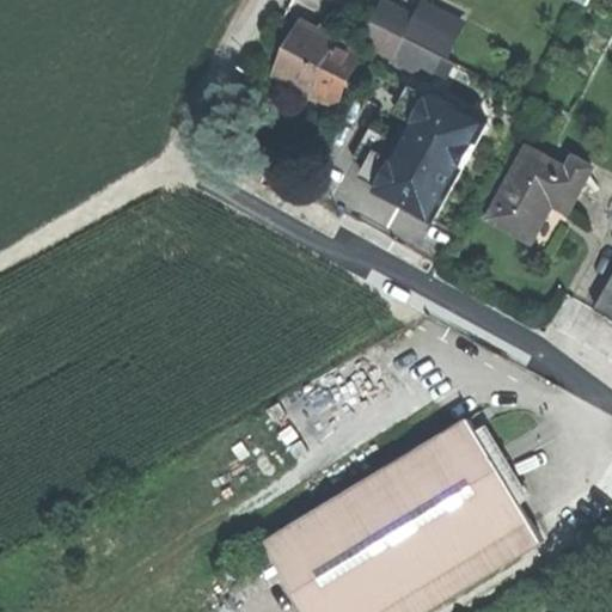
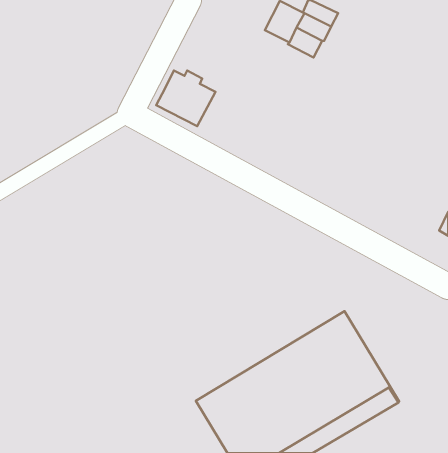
building: [275,26,355,102] -> [156,70,216,126]
building: [348,93,482,222] -> none
building: [485,149,588,241] -> none

